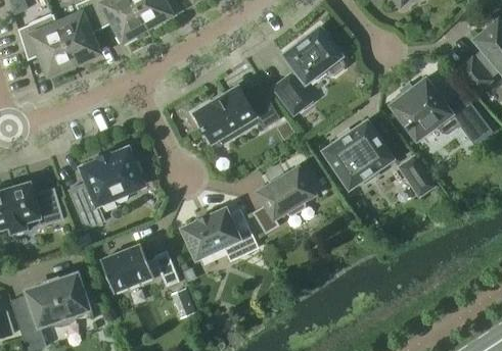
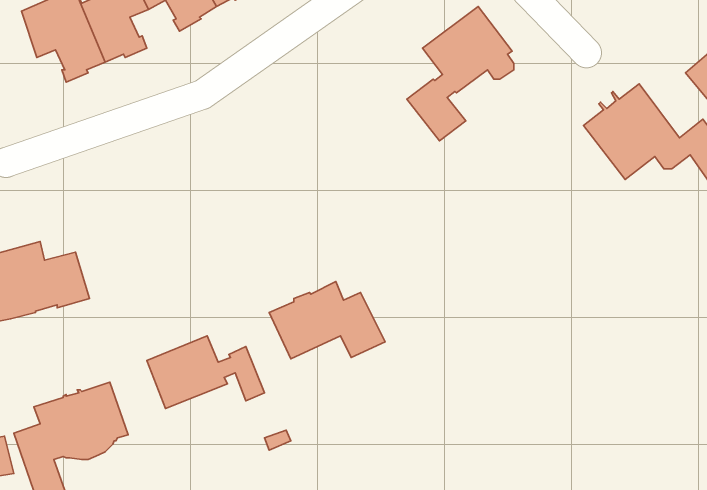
building: [193,86,280,145] -> none
building: [323,119,393,188] -> none
building: [69,147,143,229] -> none
building: [398,155,435,196] -> none
building: [253,165,315,233] -> none

